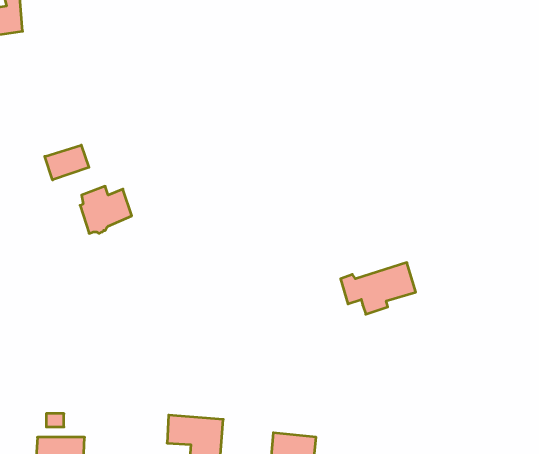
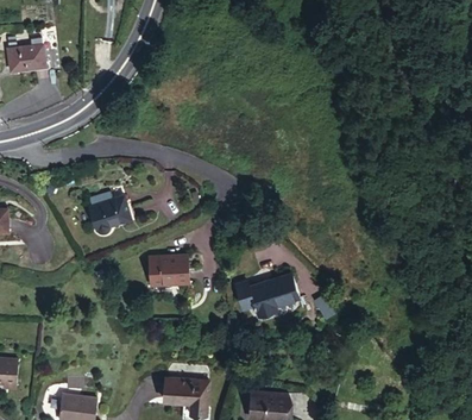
building: [45,145,89,180] -> none
building: [341,263,416,314] -> [239,276,300,318]
building: none -> [147,257,189,286]

